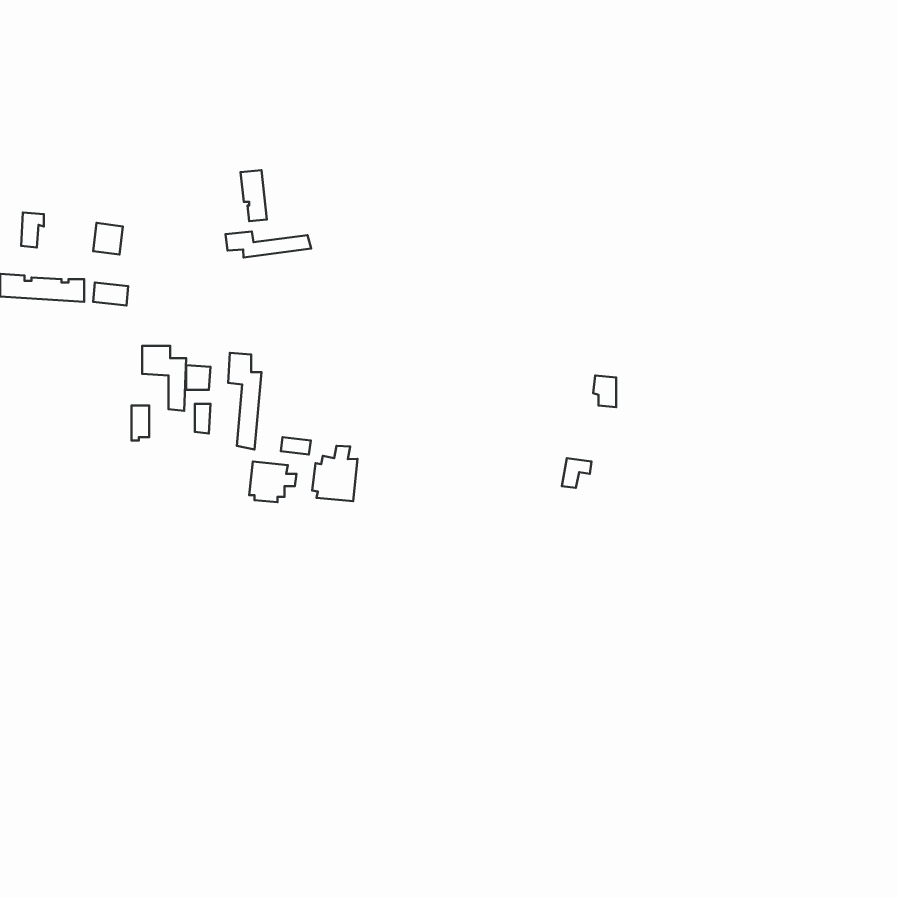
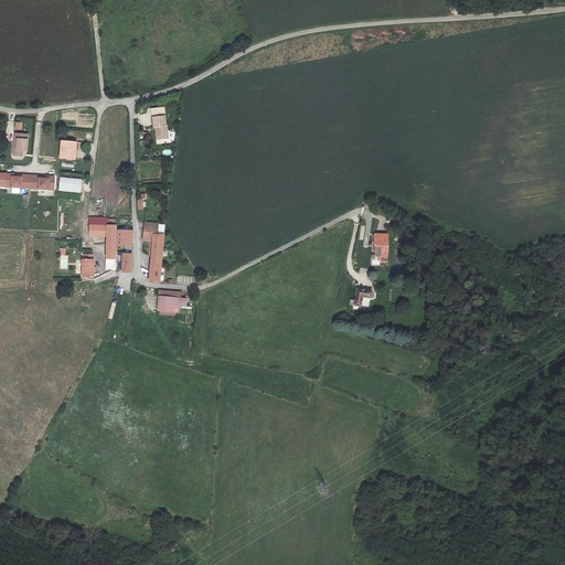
building: [225,232,311,258] -> none
building: [312,446,358,501] -> none

